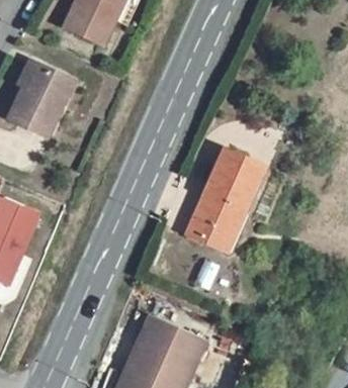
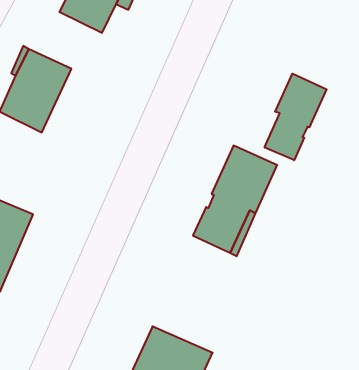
building: none -> [265,74,327,160]

